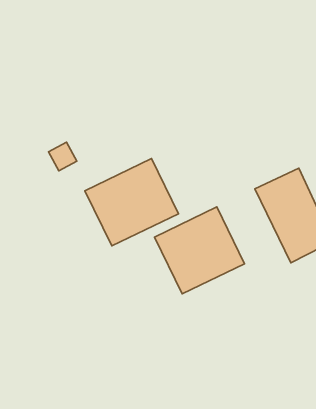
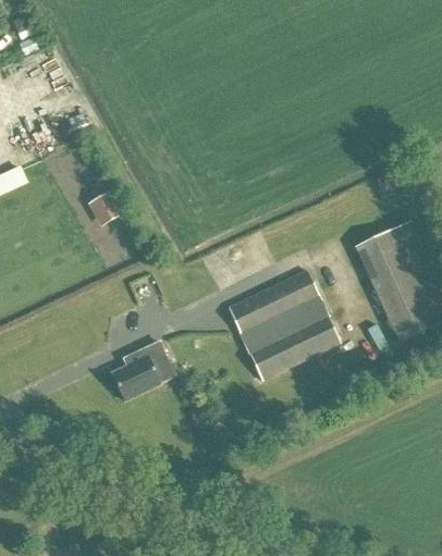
building: [85,158,178,246] -> none
building: none -> [110,342,174,400]

